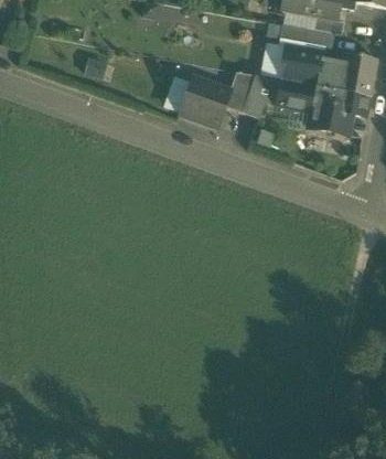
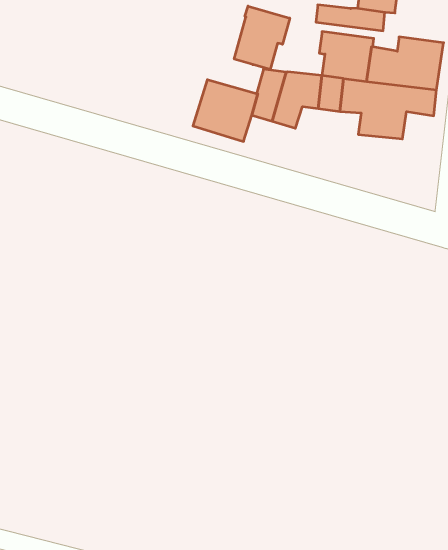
building: none -> [234,6,290,69]

